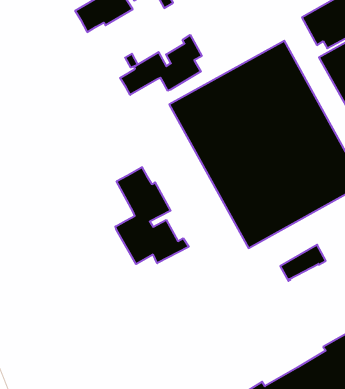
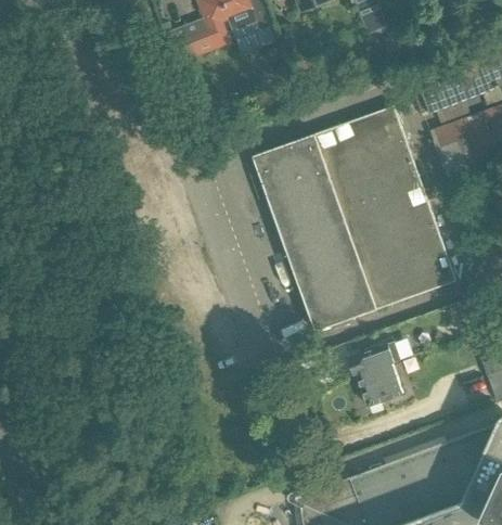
building: [120,35,202,95] -> none
building: [115,167,189,264] -> none
building: none -> [356,362,401,404]

